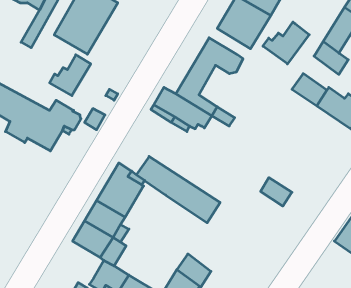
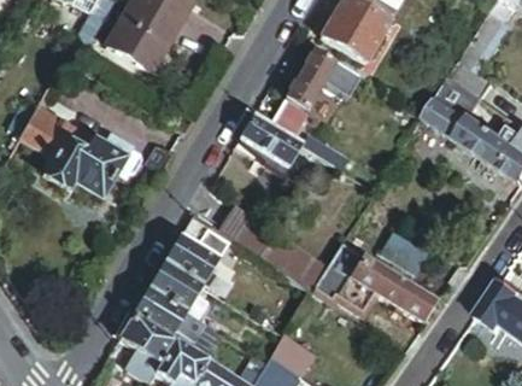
building: [263,22,309,64] -> none
building: [50,55,91,96] -> none
building: none -> [309,244,434,323]
building: none -> [118,317,174,365]

